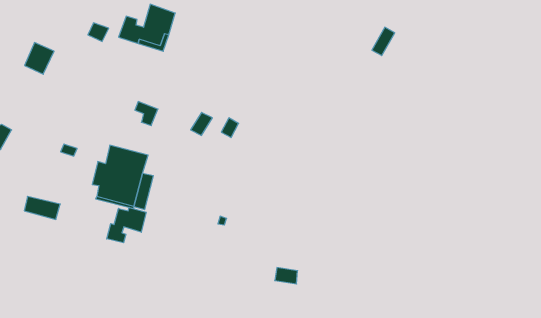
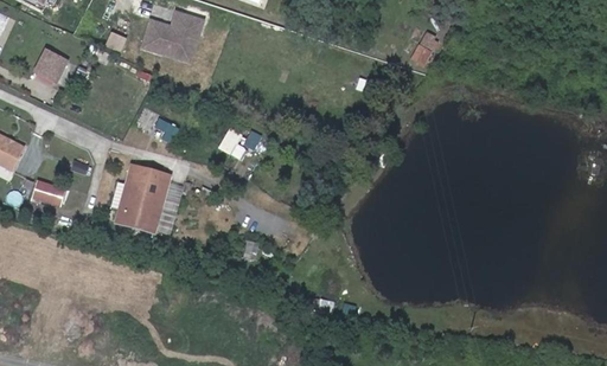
building: [24,196,60,219] -> [26,181,65,206]
building: [107,207,146,243] -> none

